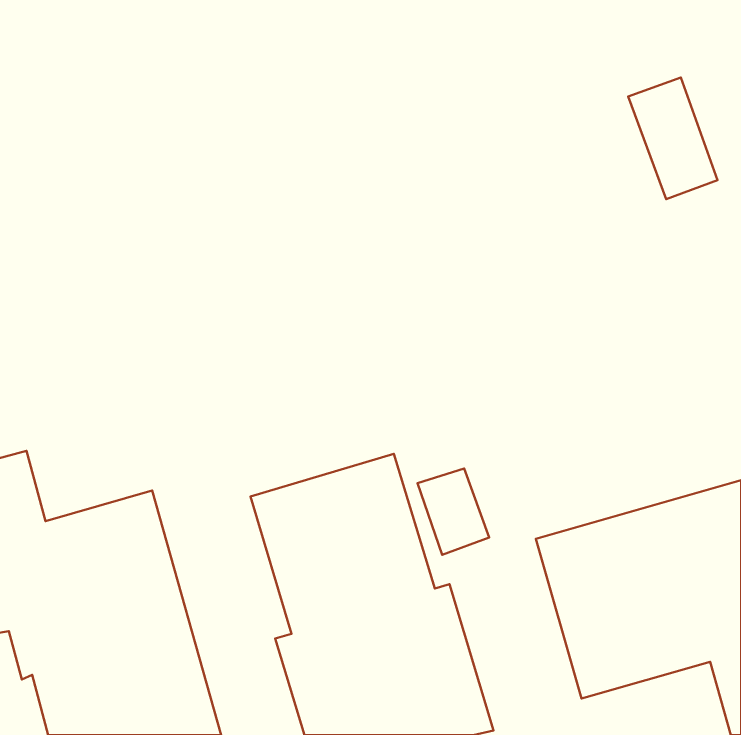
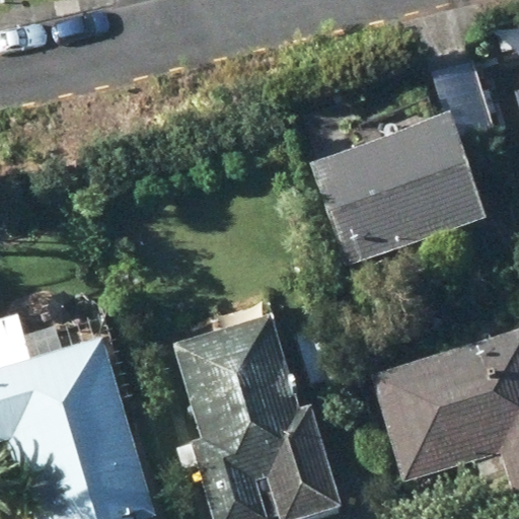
building: none -> [313,114,487,268]

